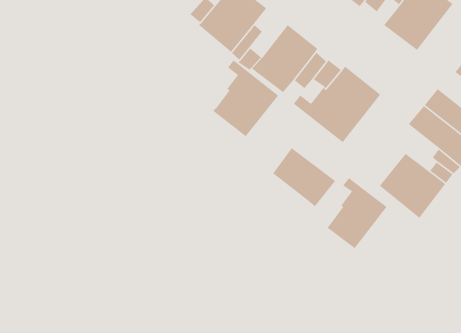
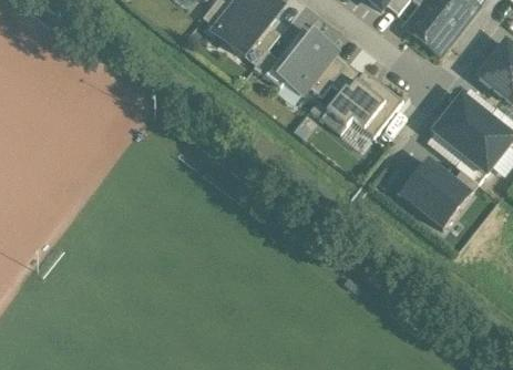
building: [213,59,279,137] -> none
building: [272,147,336,207] -> none
building: [327,177,388,249] -> none

